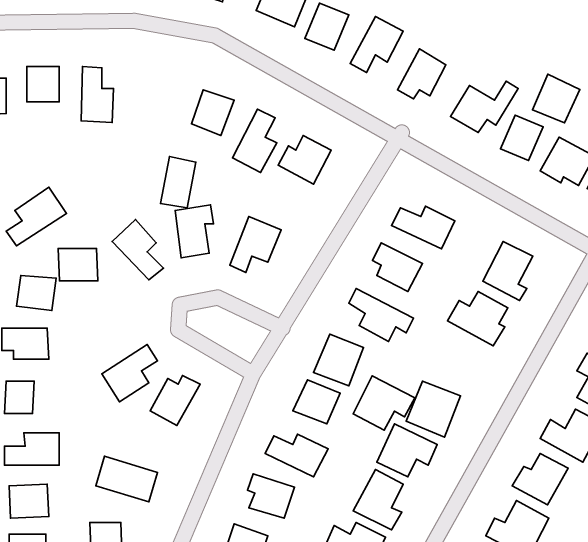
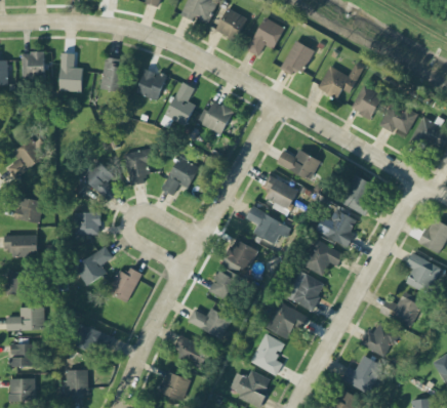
building: [533,74,580,123] -> none
building: [161,156,196,208] -> [99,56,124,92]
building: [58,249,98,281] -> [73,212,100,235]
building: [353,376,415,430] -> [300,238,343,276]

